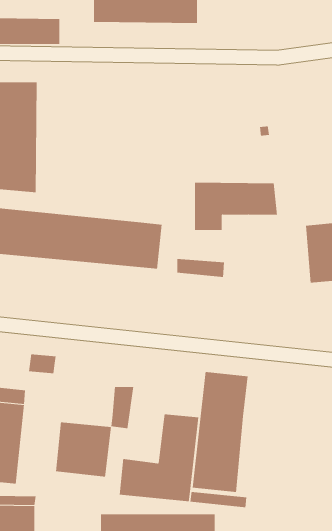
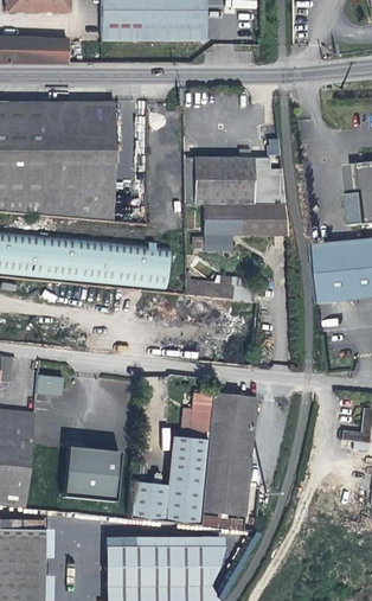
building: none -> [45,102,115,223]
building: none -> [185,158,284,204]
building: [111,387,134,429] -> [191,394,214,436]

